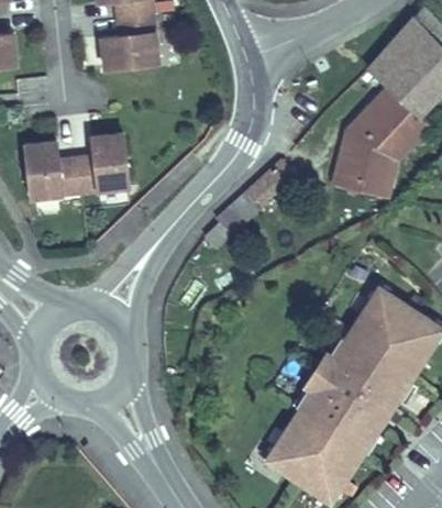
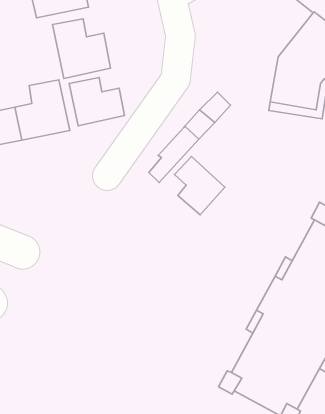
building: none -> [53,19,111,78]
building: none -> [69,78,124,126]
building: none -> [175,157,225,215]

